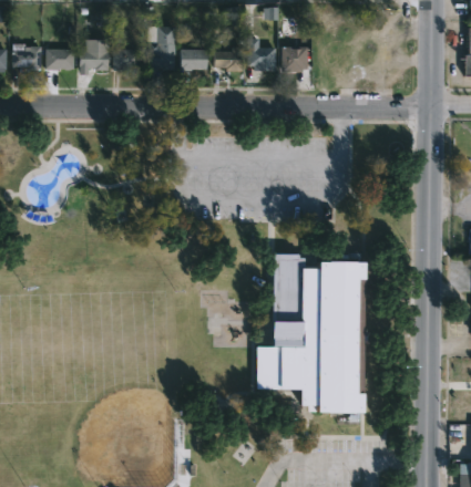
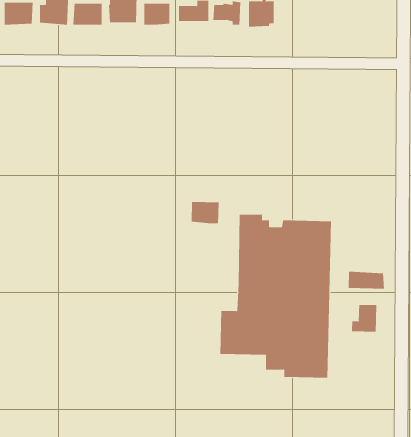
building: none -> [191,201,219,224]
building: none -> [348,271,384,290]
building: none -> [351,304,377,333]

